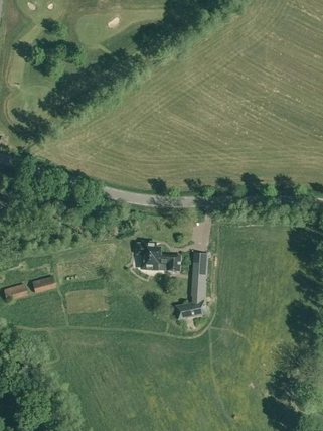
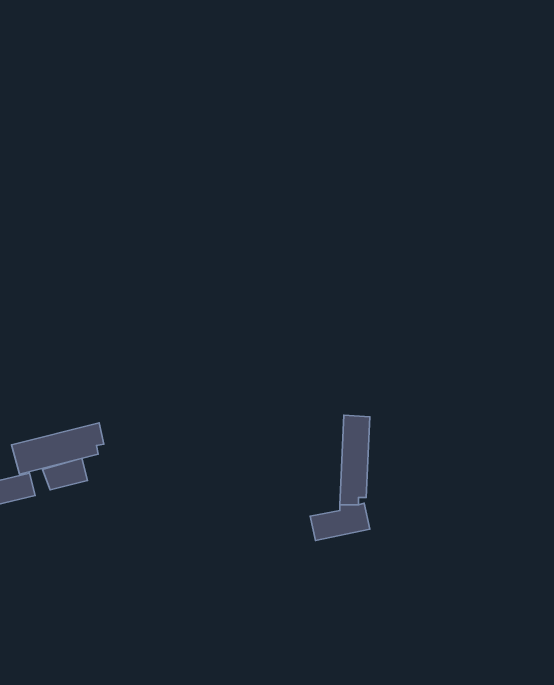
building: [138,243,181,271] -> none
building: none -> [11,423,104,474]

